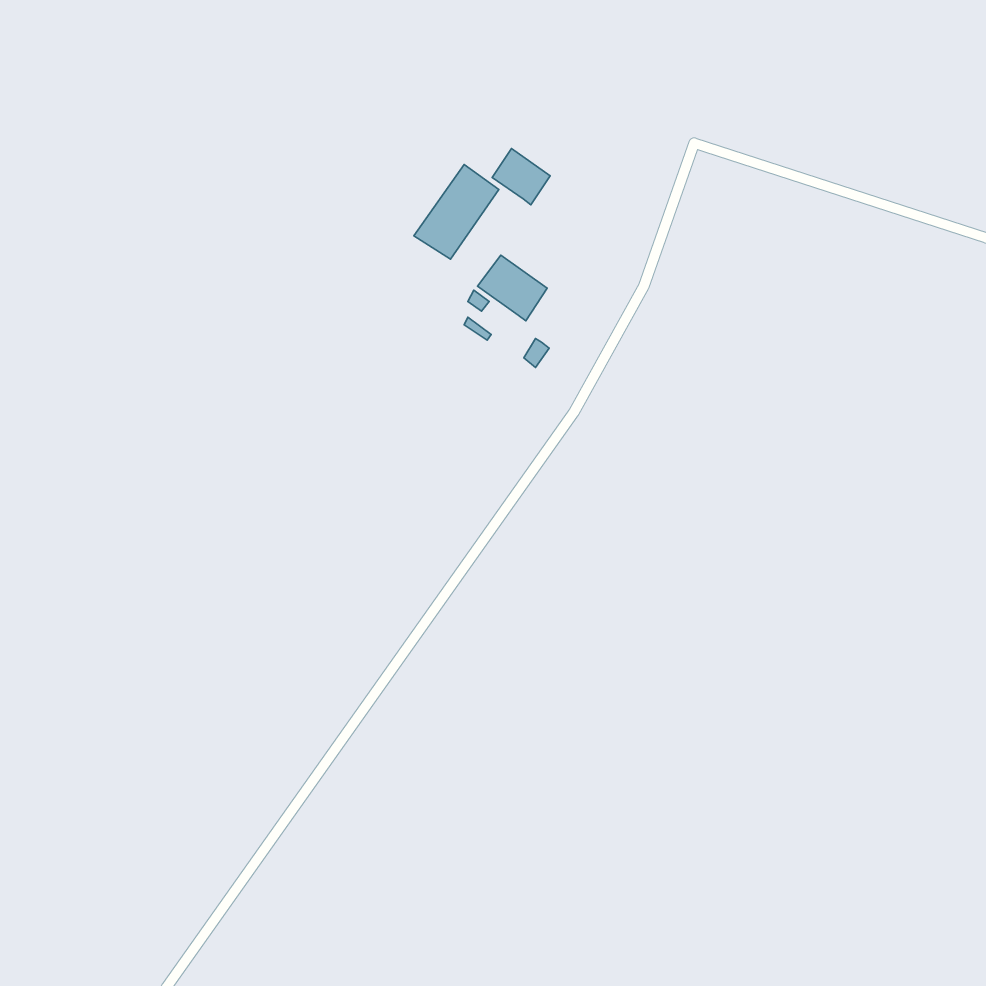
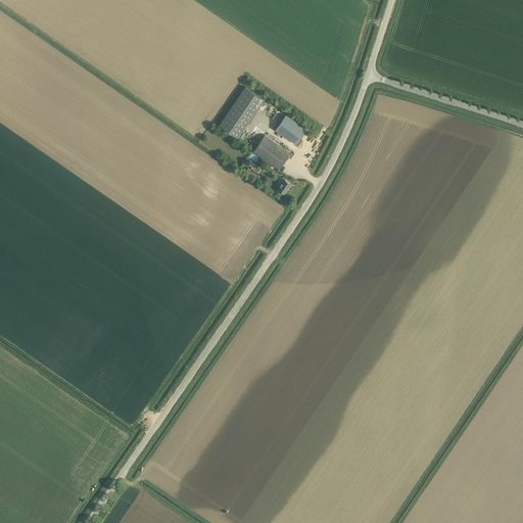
building: [492,149,550,205] -> [275,115,305,145]

